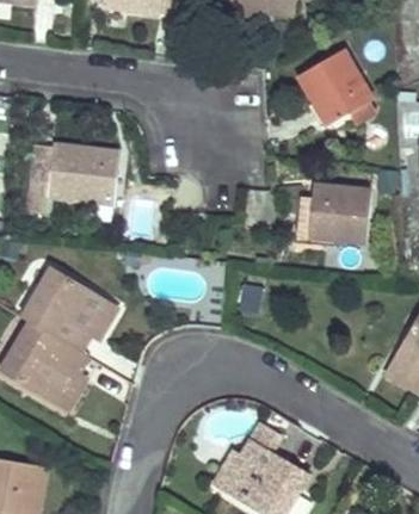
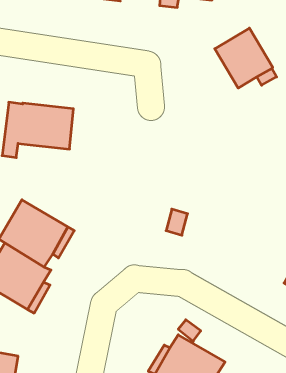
building: [308,185,371,241] -> none

